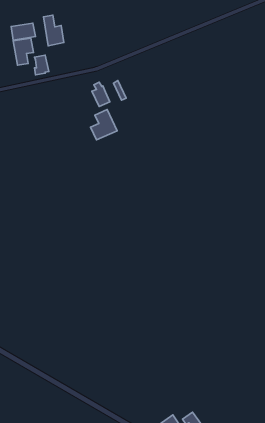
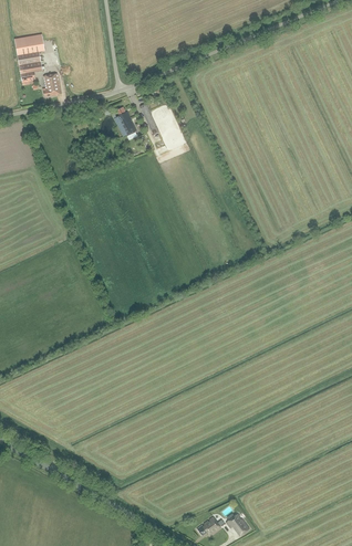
building: [43,15,64,46] -> none
building: [91,110,117,140] -> none

